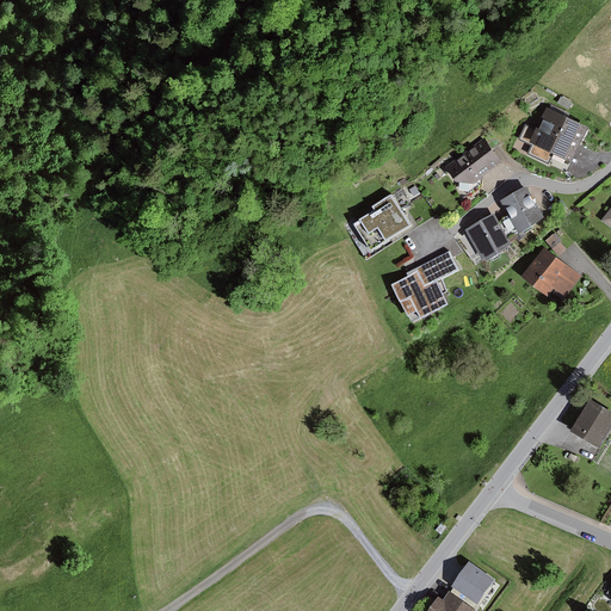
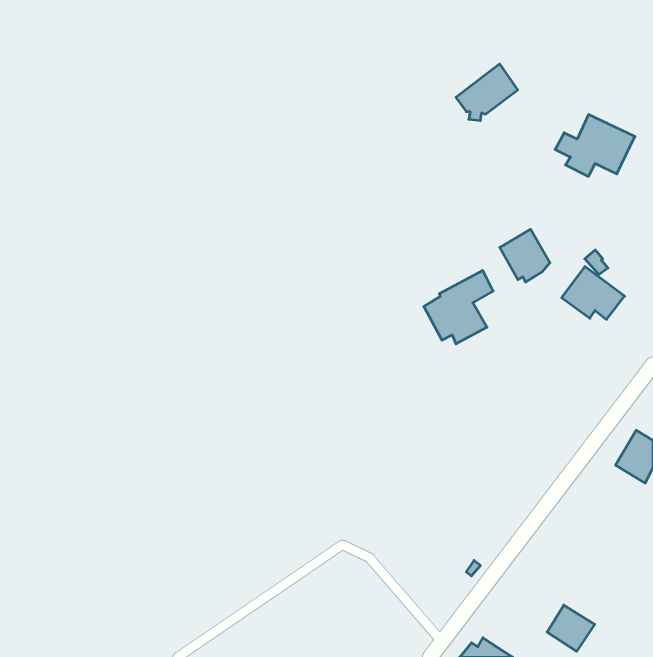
building: [444,137,501,190] -> [456,64,518,121]
building: [500,185,543,233] -> none
building: [353,193,411,251] -> none
building: [455,558,499,601] -> [547,605,595,651]

